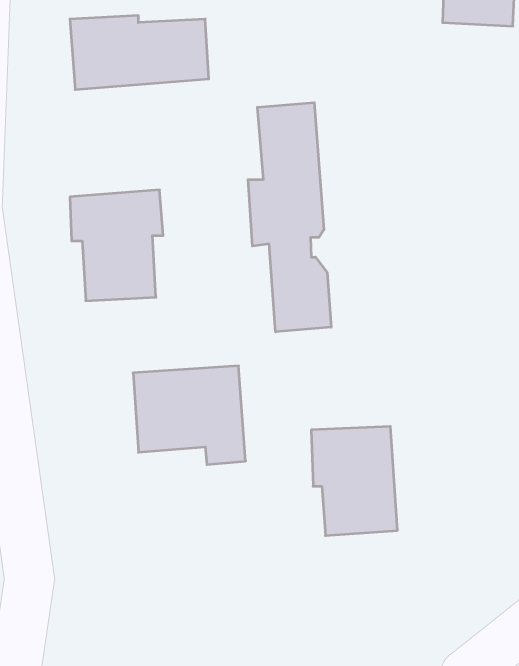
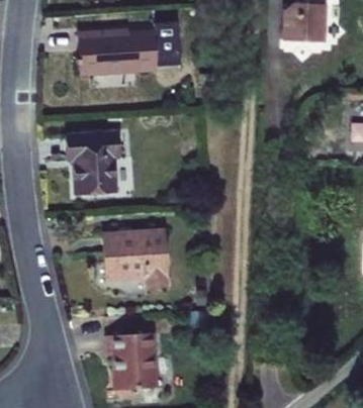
building: [248,103,331,332] -> none
building: [311,426,397,536] -> [110,332,160,395]

